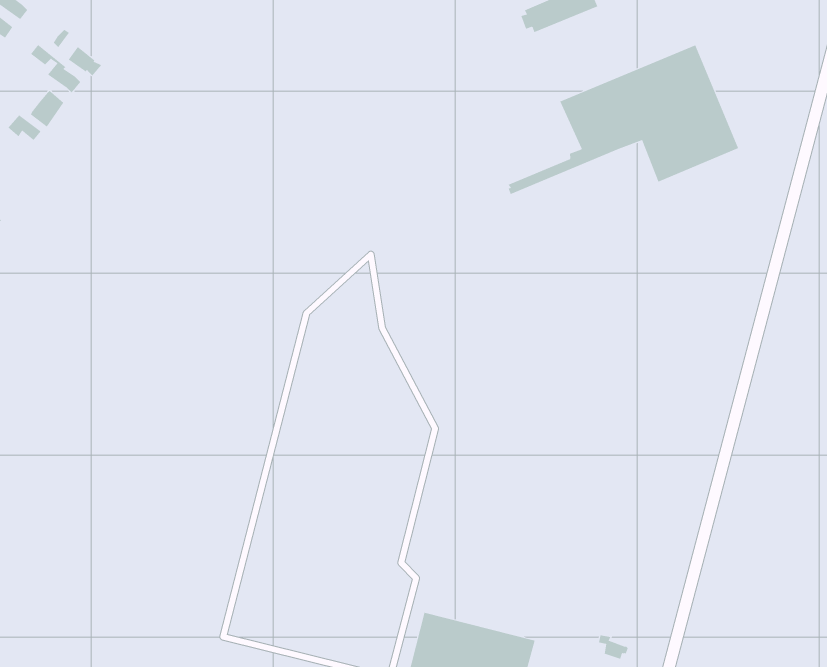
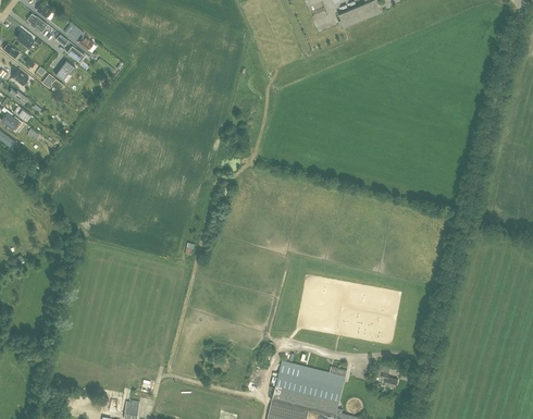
building: [508,44,739,195] -> none

